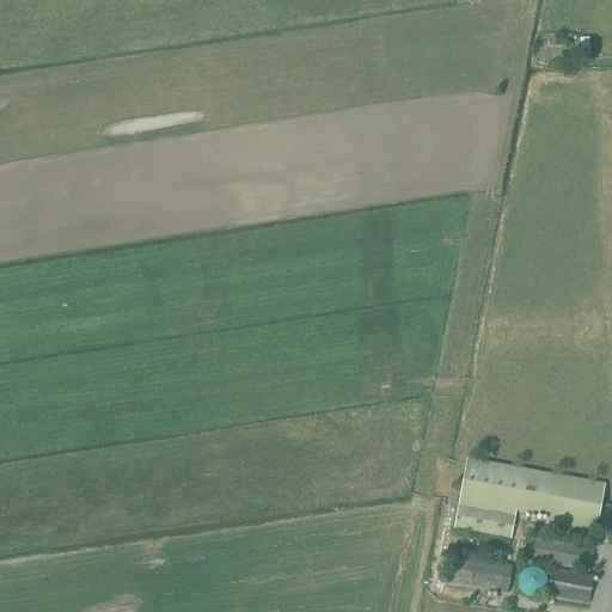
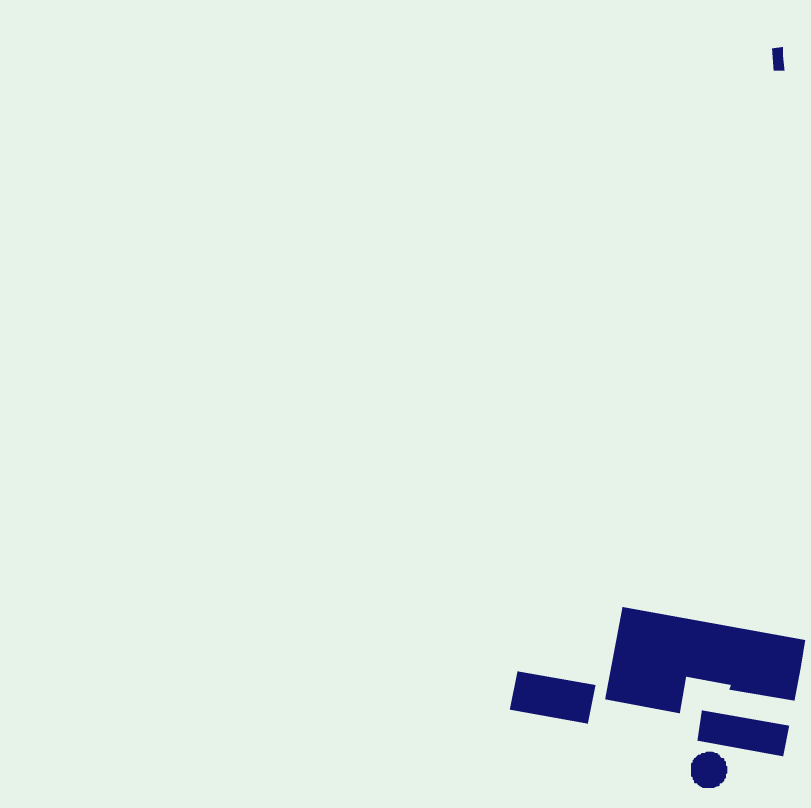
building: [448,551,514,592] -> [509,670,596,724]
building: [549,565,594,601] -> none

